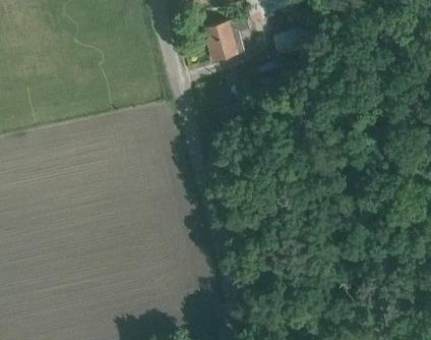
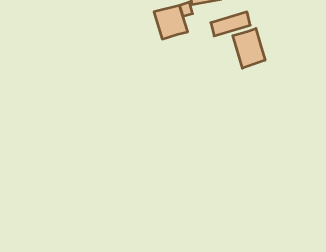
building: none -> [233,28,265,68]

